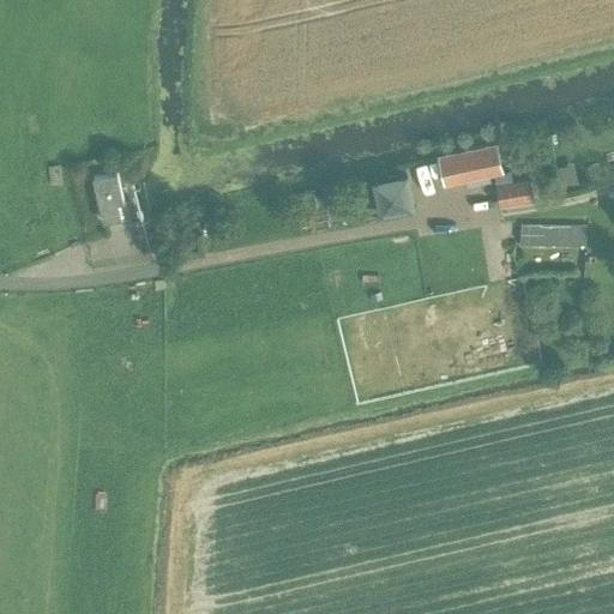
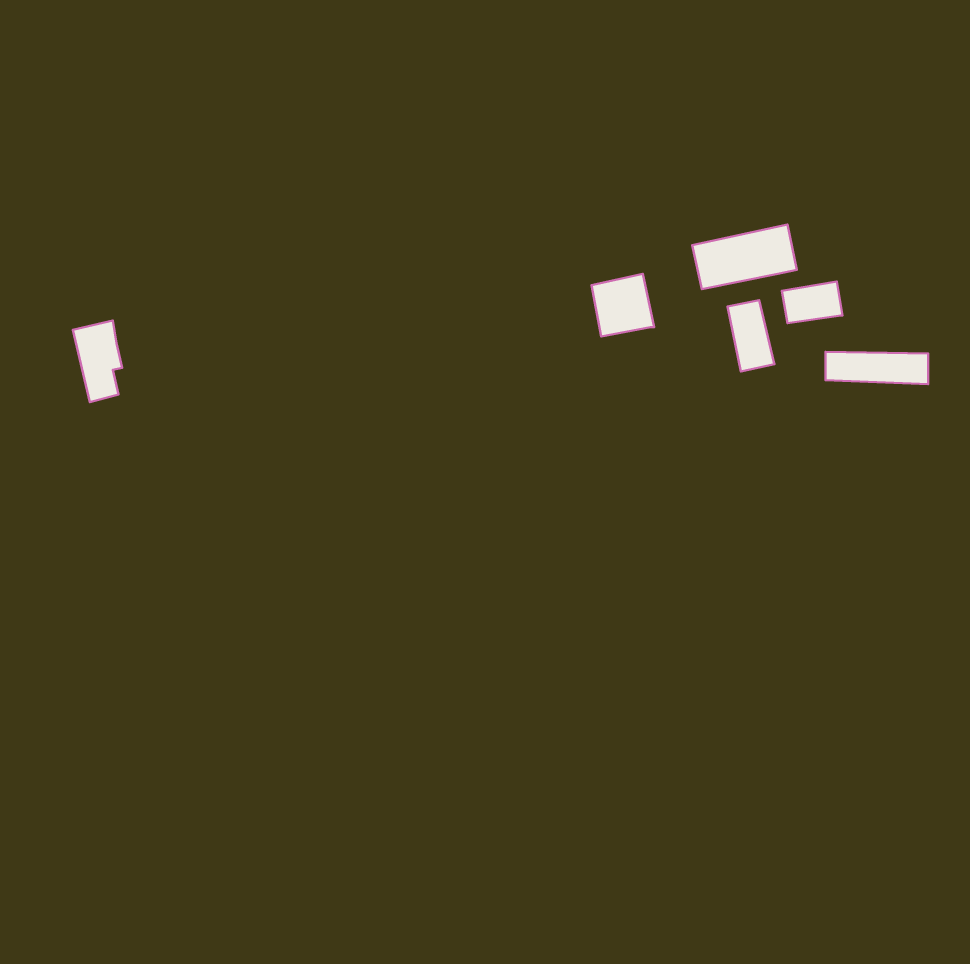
building: [91,173,122,224] -> [73,320,122,402]
building: none -> [727,300,774,371]

